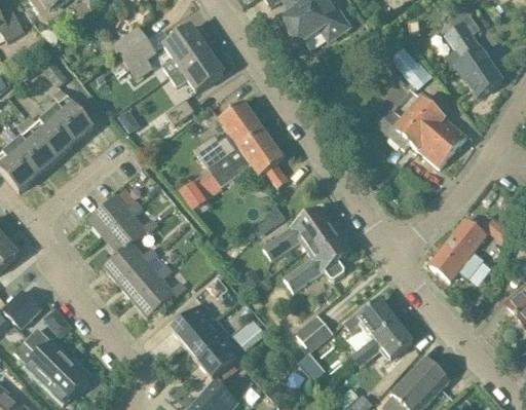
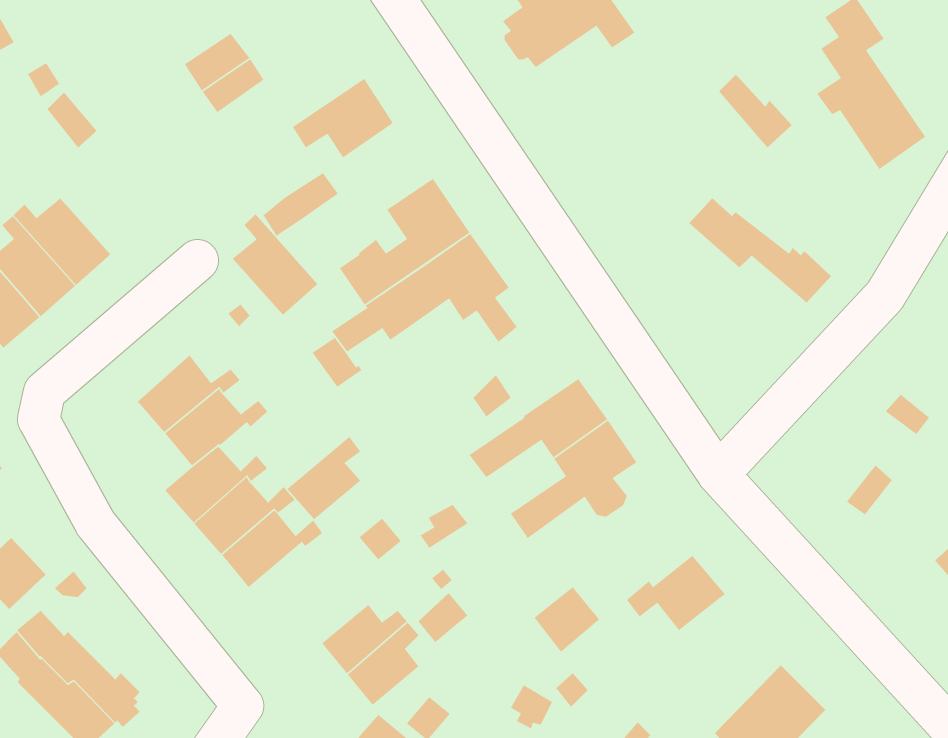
building: [162,25,208,75] -> none
building: [48,88,93,142] -> [232,214,318,316]
building: [389,88,466,153] -> none
building: [429,219,485,279] -> none
building: [171,301,210,345] -> [287,436,361,520]
building: [351,320,413,365] -> none

